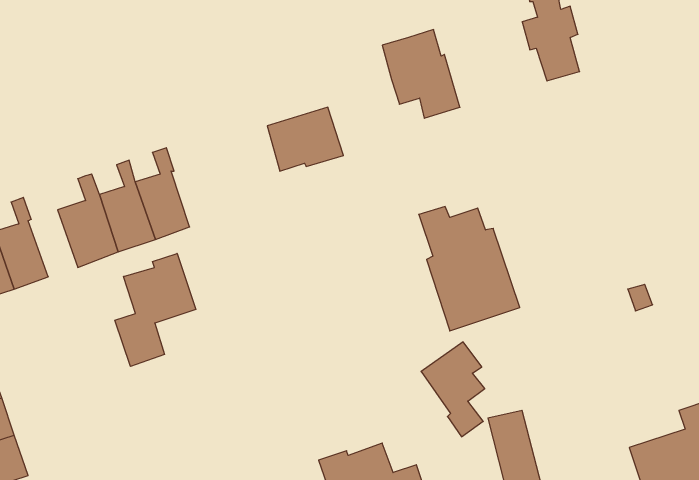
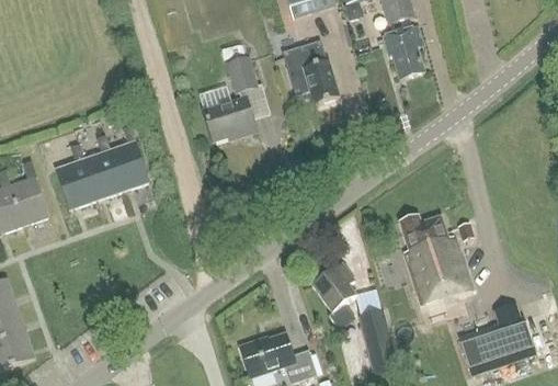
building: none -> [226,55,259,93]
building: [419,207,520,331] -> [399,215,470,303]
building: [115,253,196,366] -> none

